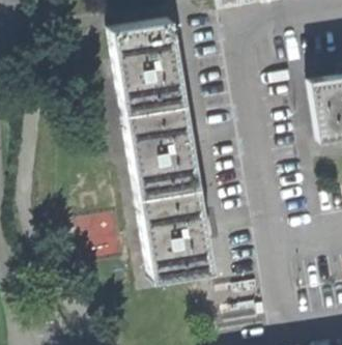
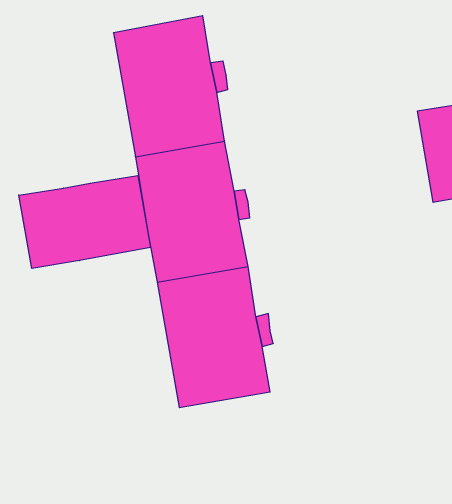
building: none -> [19,175,151,268]
building: [85,213,122,260] -> none

